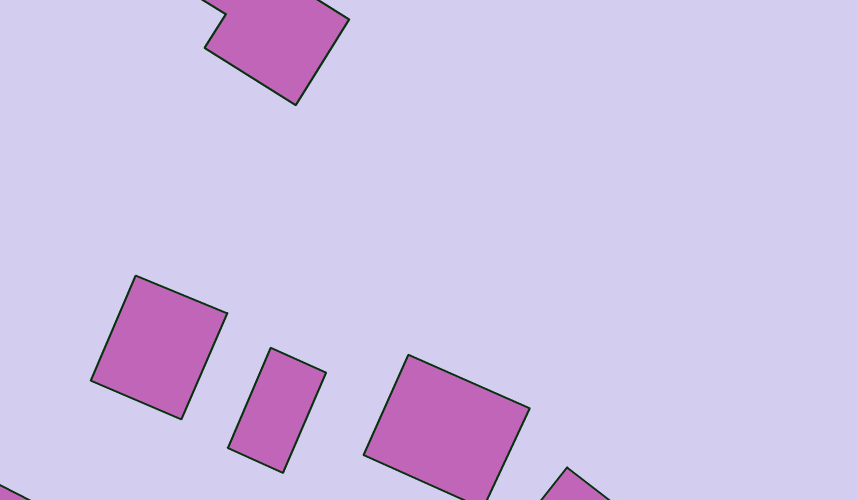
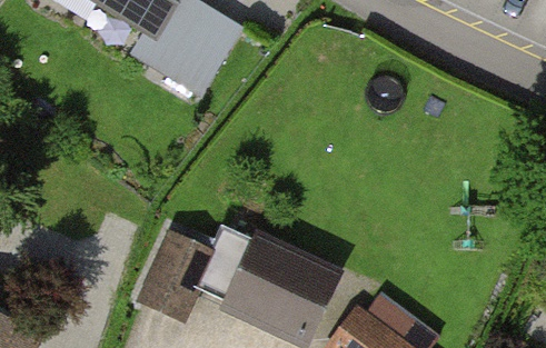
building: [91,276,227,419] -> none

